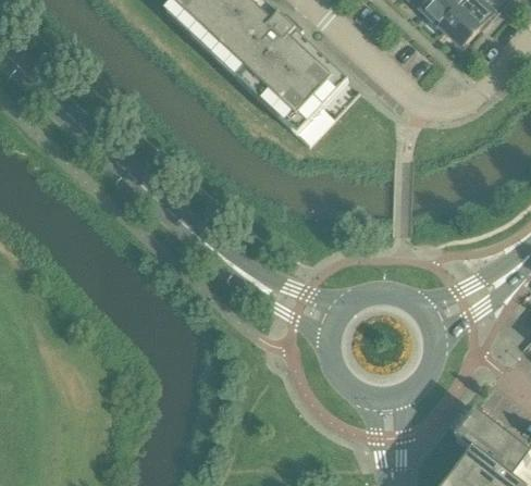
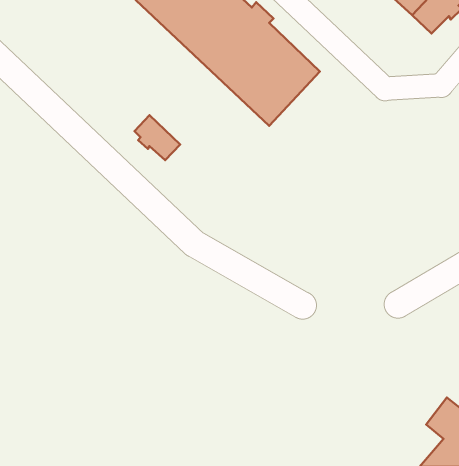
building: none -> [134,115,180,160]

